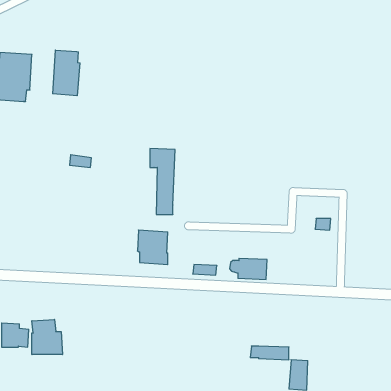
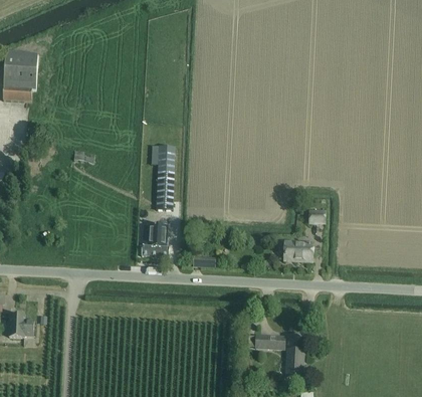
building: [53,50,80,96] -> none
building: [230,258,267,279] -> [276,240,312,260]
building: [32,319,62,355] -> none

